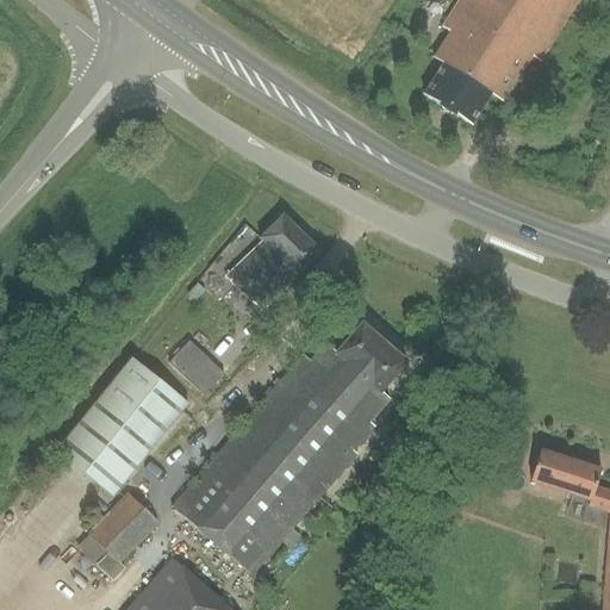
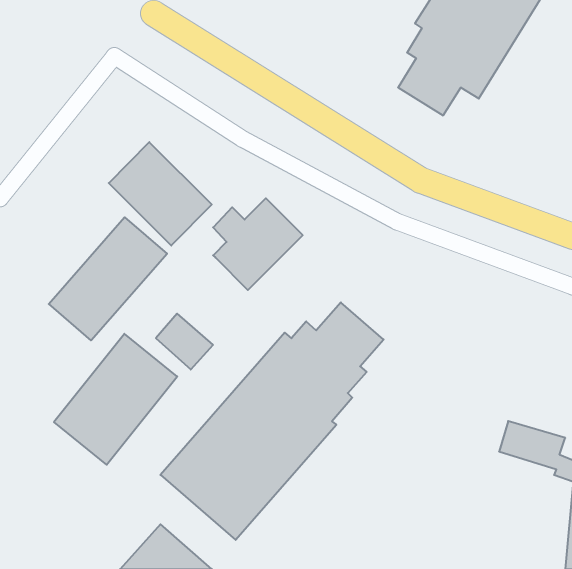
building: none -> [109,142,212,246]
building: none -> [49,217,167,340]
building: [79,491,160,578] -> none

